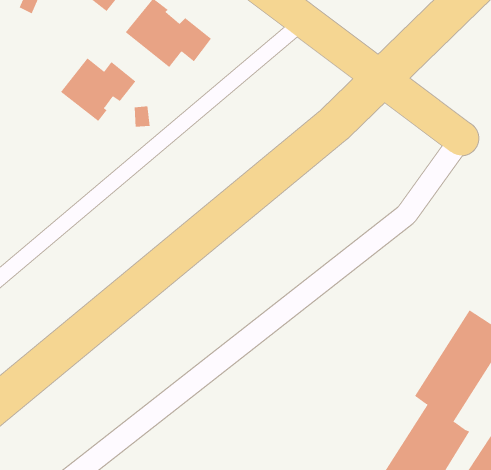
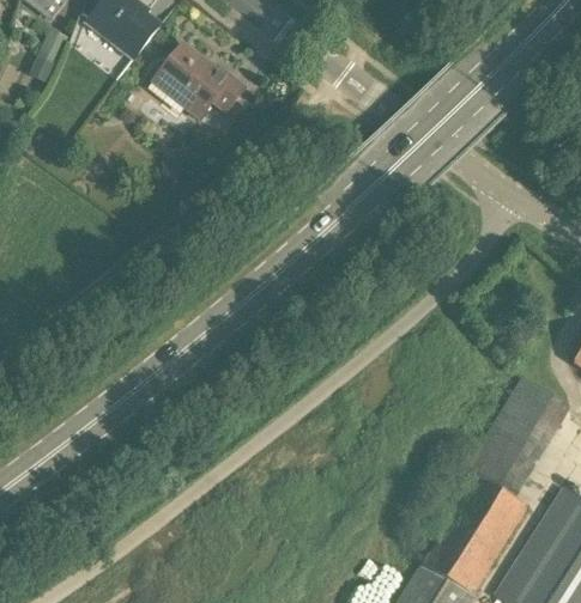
building: [60,58,136,122] -> none

